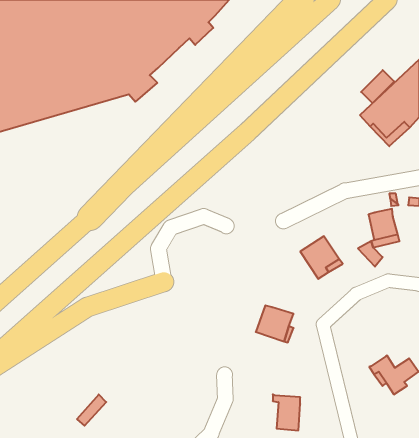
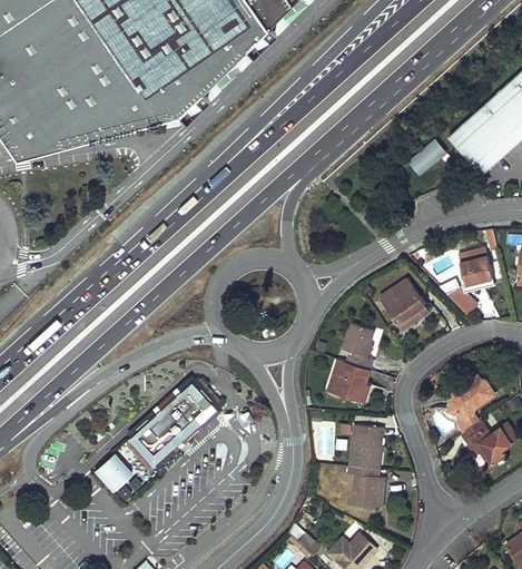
building: [361,70,394,103] -> [406,137,445,176]
building: none -> [342,322,374,370]
building: none -> [126,375,219,464]
building: none -> [447,375,491,431]
building: none -> [348,423,383,468]
building: none -> [95,452,130,488]

